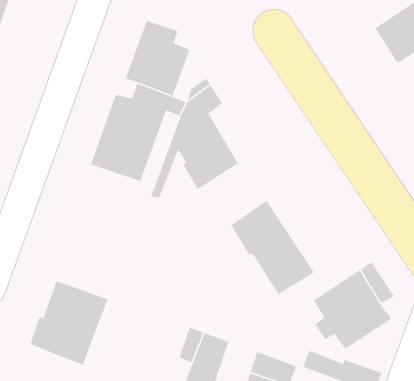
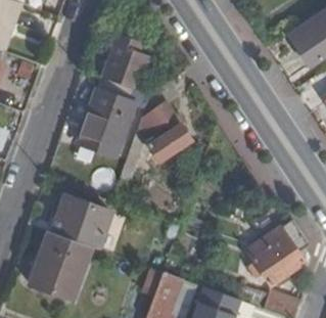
building: [230,200,315,295] -> none
building: none -> [50,194,107,247]

